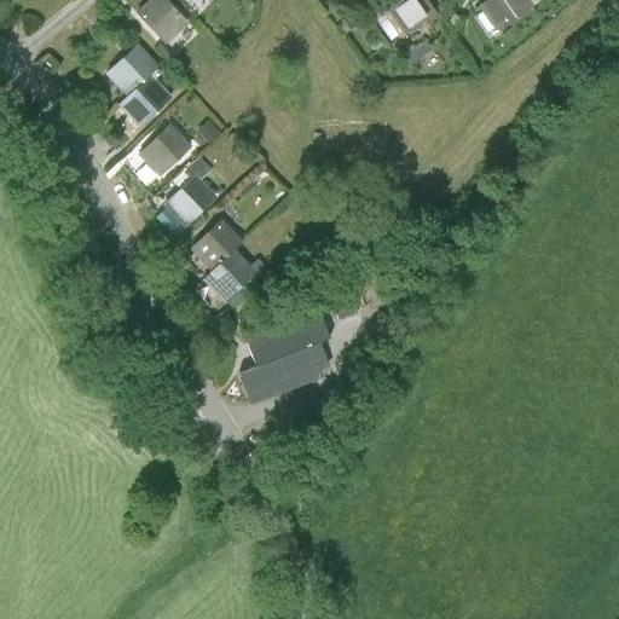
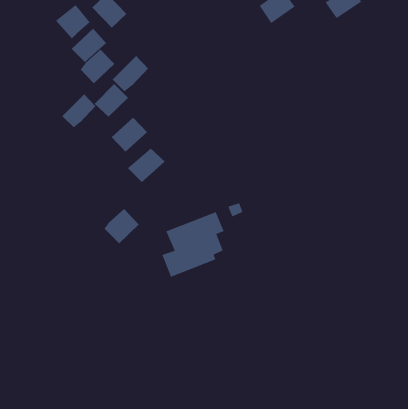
building: none -> [55,4,90,39]
building: none -> [112,55,149,92]
building: none -> [62,94,96,128]
building: [204,249,258,302] -> [104,208,140,244]

